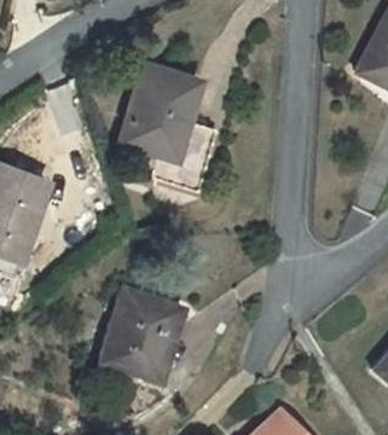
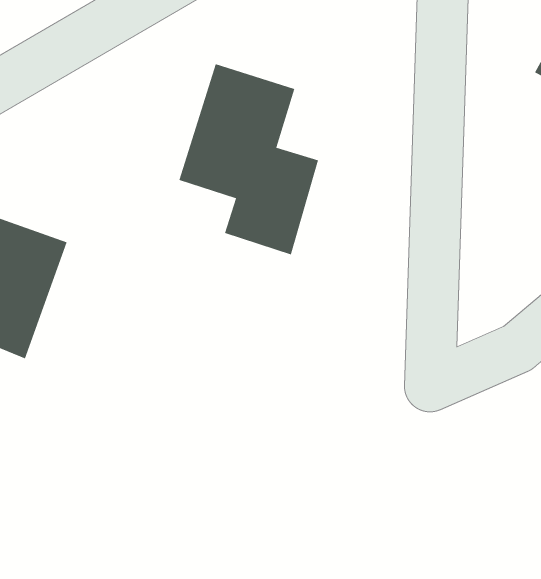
building: [100,289,184,382] -> none

